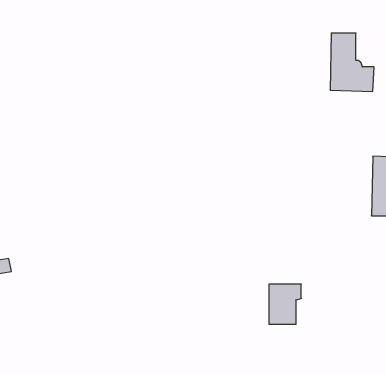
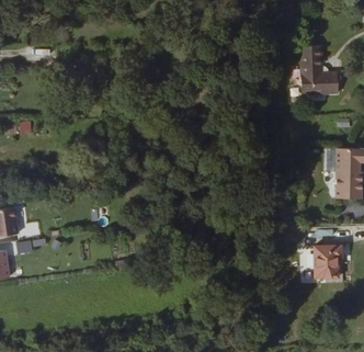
building: [269,284,301,324] -> [316,248,343,282]

